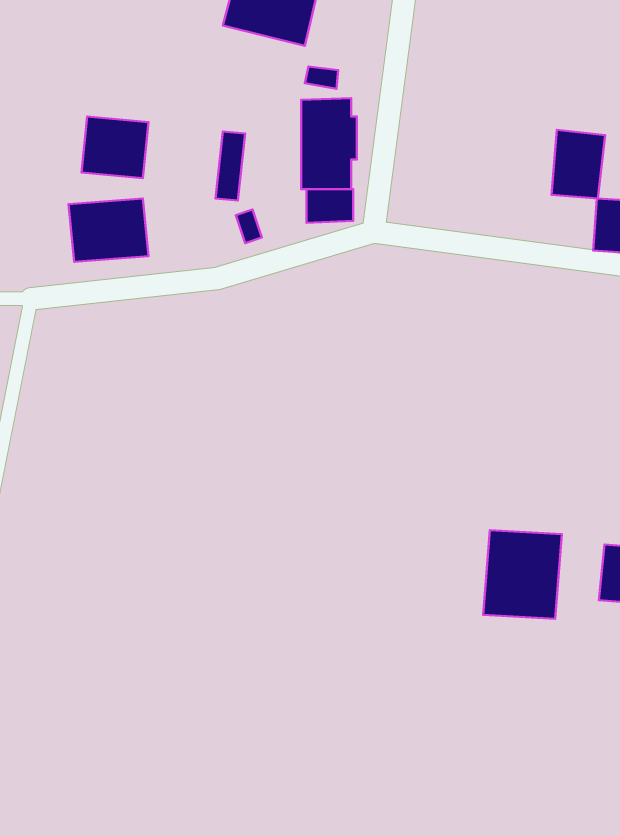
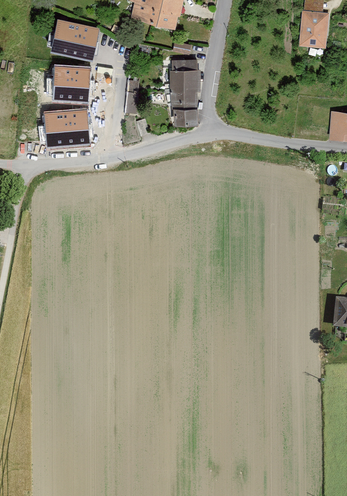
building: none -> [51,17,100,58]
building: [551,130,605,199] -> [299,10,328,47]
building: [483,530,562,619] -> none

